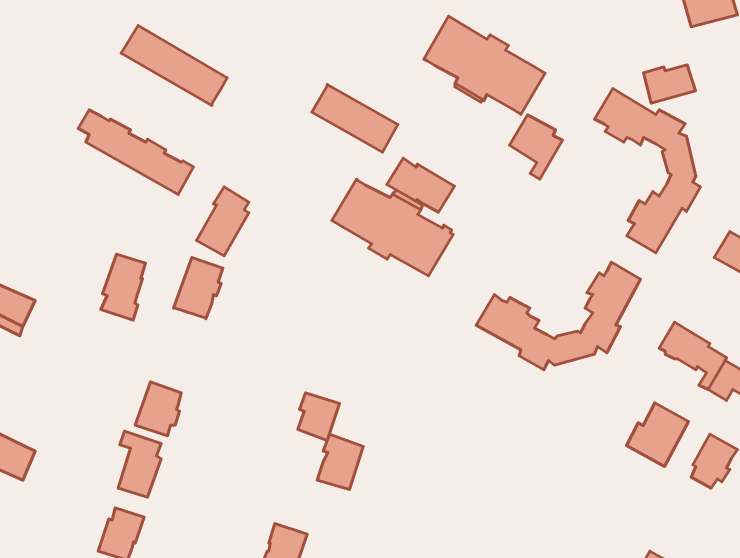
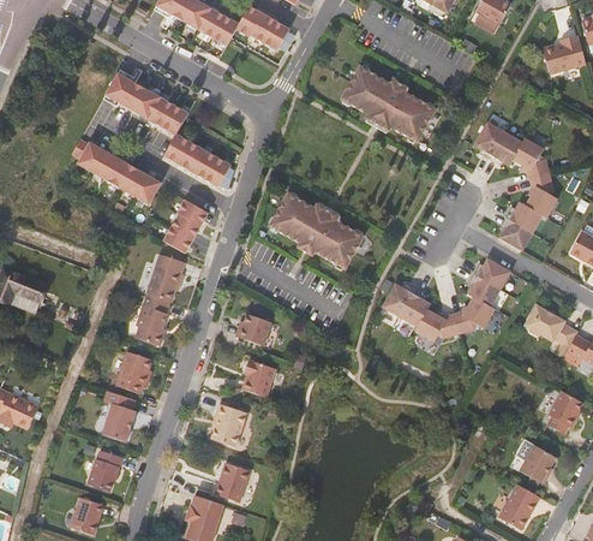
building: [644,65,696,103] -> none
building: [312,84,398,152] -> [163,133,230,186]
building: [509,115,562,179] -> none
building: [387,158,455,212] -> none
building: [101,254,146,320] -> [134,293,169,345]
building: none -> [235,314,271,345]
building: [626,403,688,467] -> none
building: [317,434,363,490] -> [210,403,246,446]
building: none -> [520,445,555,483]

